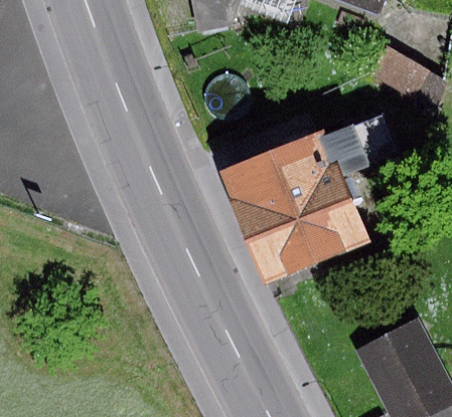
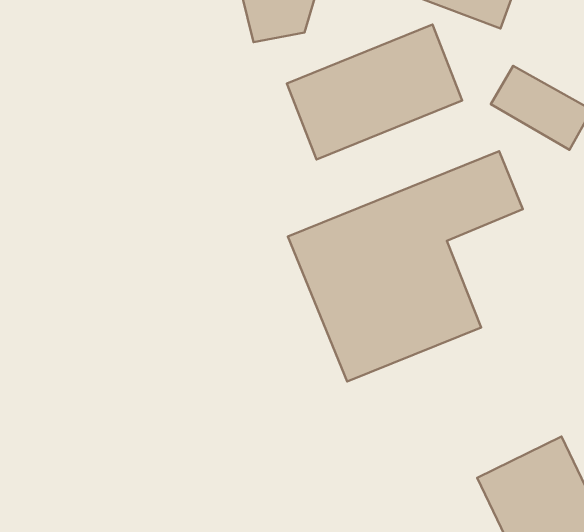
building: none -> [287,25,462,159]

